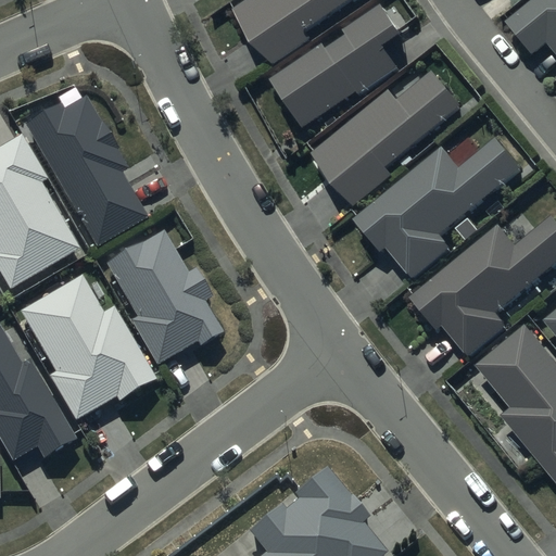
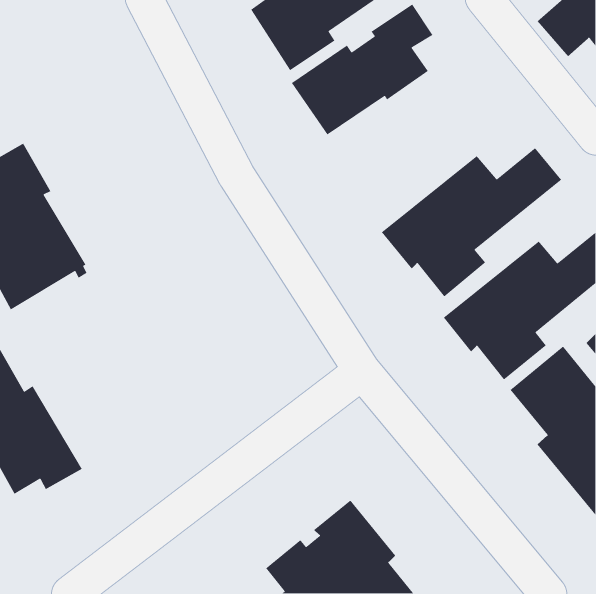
building: [313,70,464,203] -> none
building: [25,98,147,245] -> none
building: [105,229,223,363] -> none
building: [21,274,155,419] -> none

